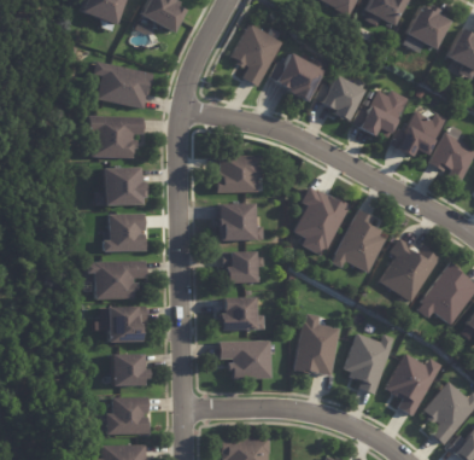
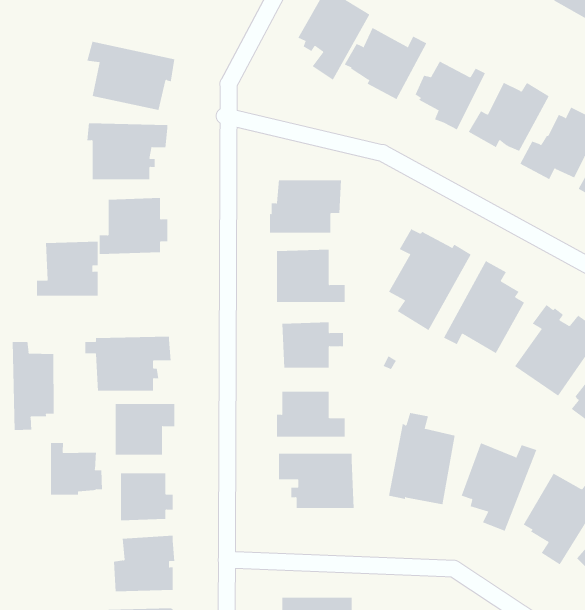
building: [104,214,146,251] -> [36,241,98,296]
building: none -> [12,341,54,431]
building: none -> [50,442,103,495]

